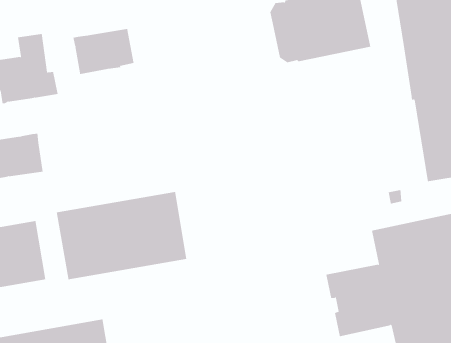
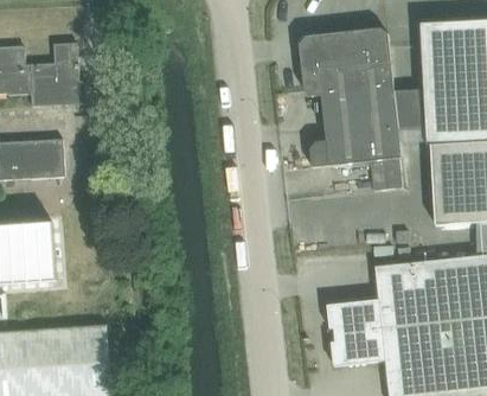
building: [73,28,134,75] -> none
building: none -> [310,89,403,190]
building: [56,191,187,280] -> none

